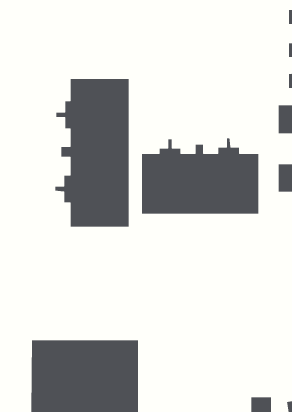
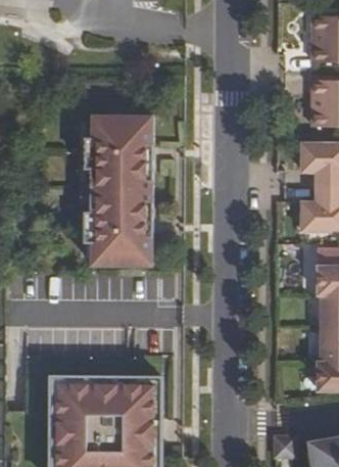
building: [141,138,259,214] -> none

